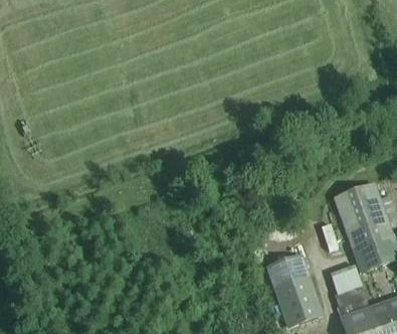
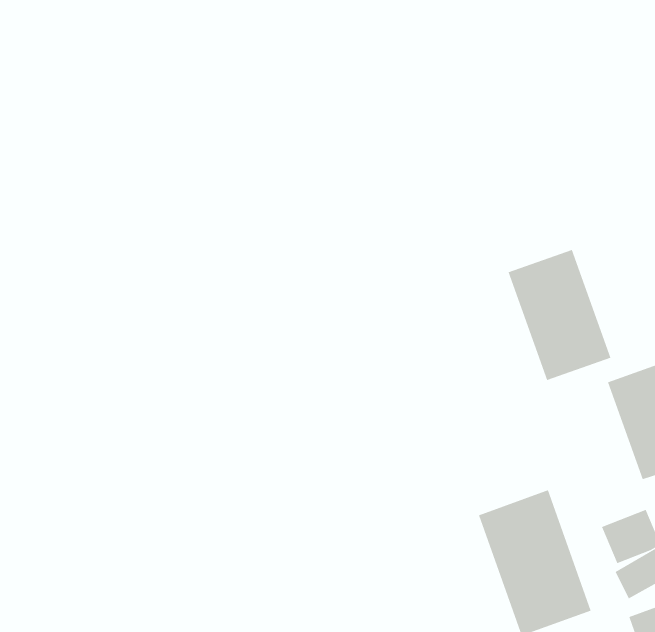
building: none -> [508,249,611,381]

